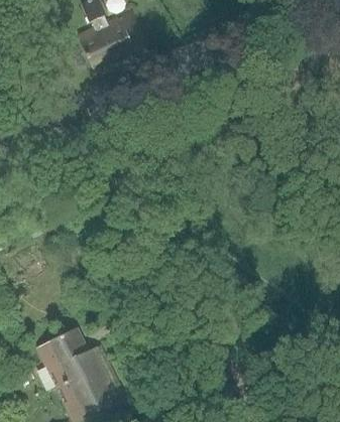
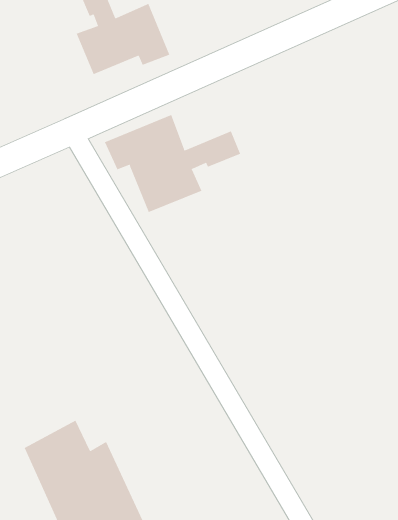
building: none -> [104,114,241,213]

